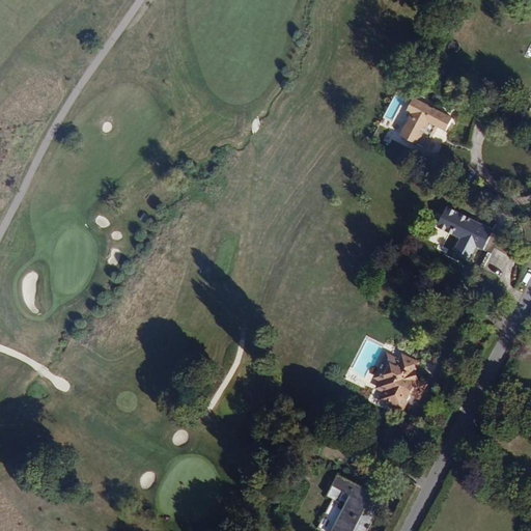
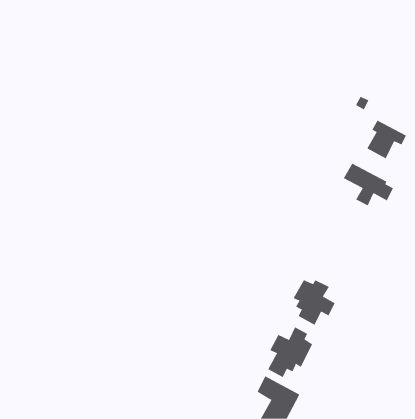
building: [397,96,448,146] -> [367,120,407,159]
building: none -> [268,326,313,378]

